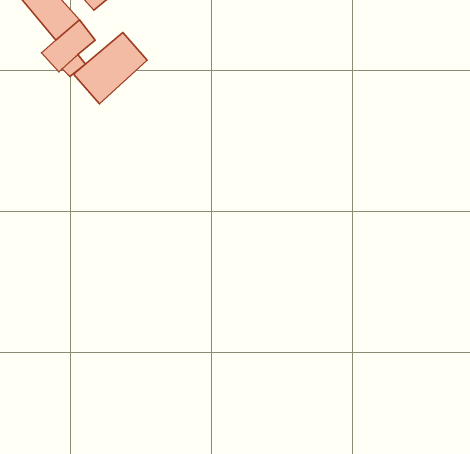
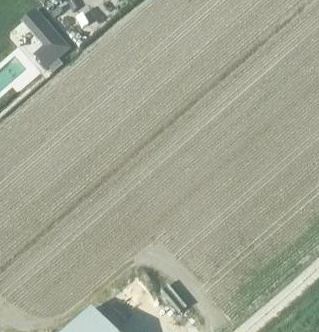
building: [74,33,147,104] -> none

